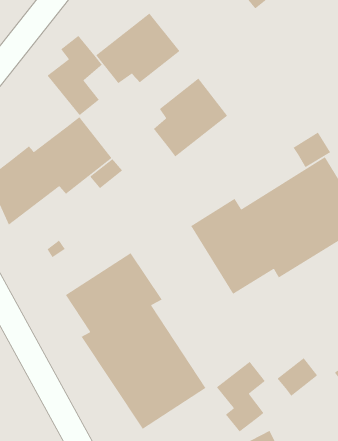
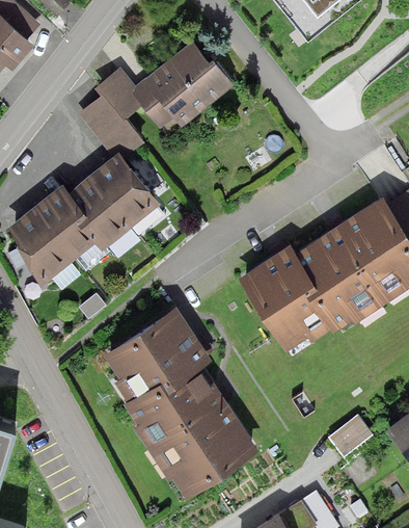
building: [153,78,228,157] -> none
building: [292,131,331,168] -> none
building: [216,361,266,433] -> none

